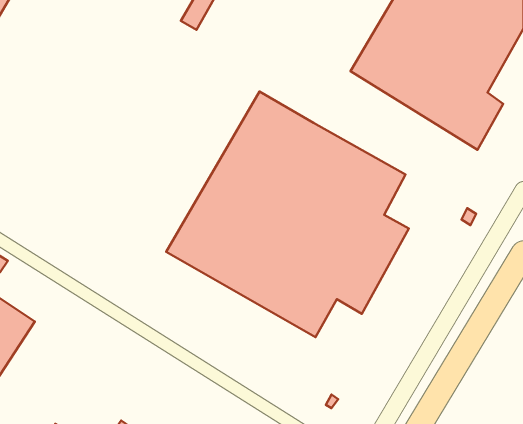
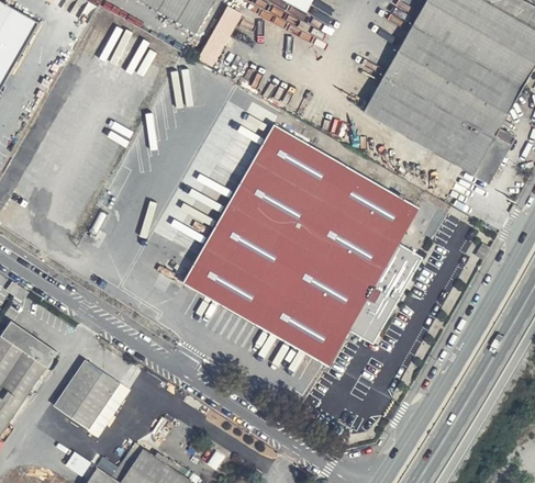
building: none -> [53,355,132,435]

